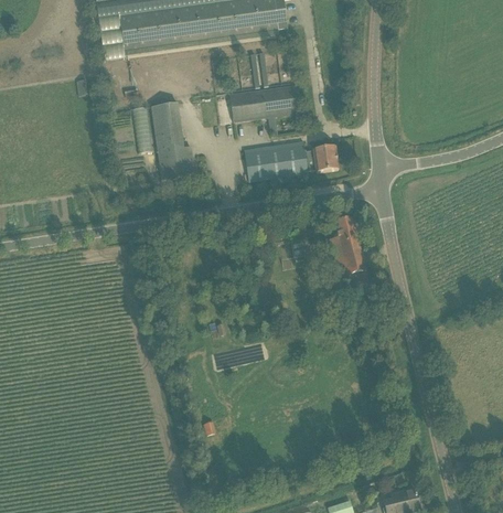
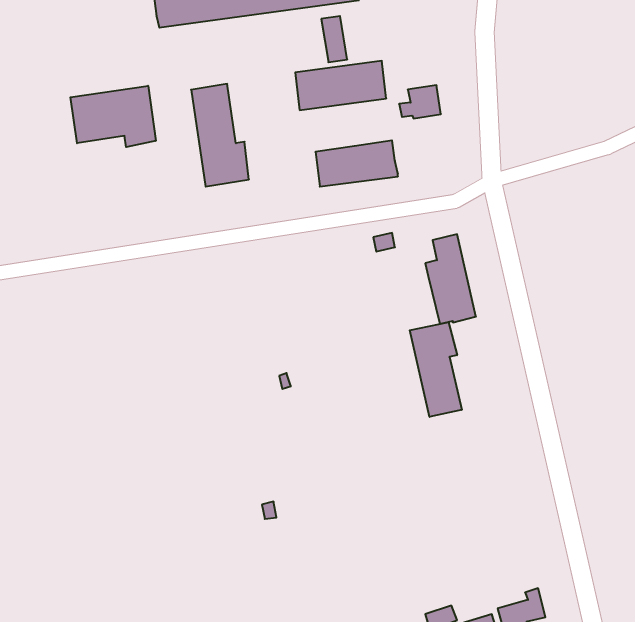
building: none -> [70,86,156,147]
building: [304,142,336,168] -> [399,85,441,118]
building: none -> [410,322,462,417]

